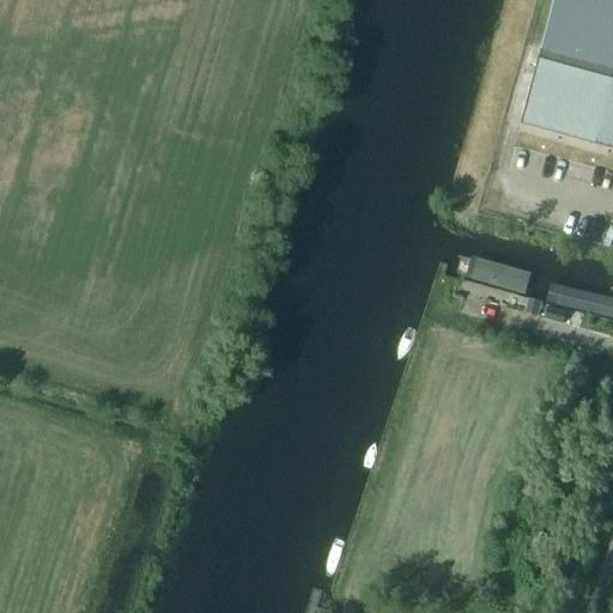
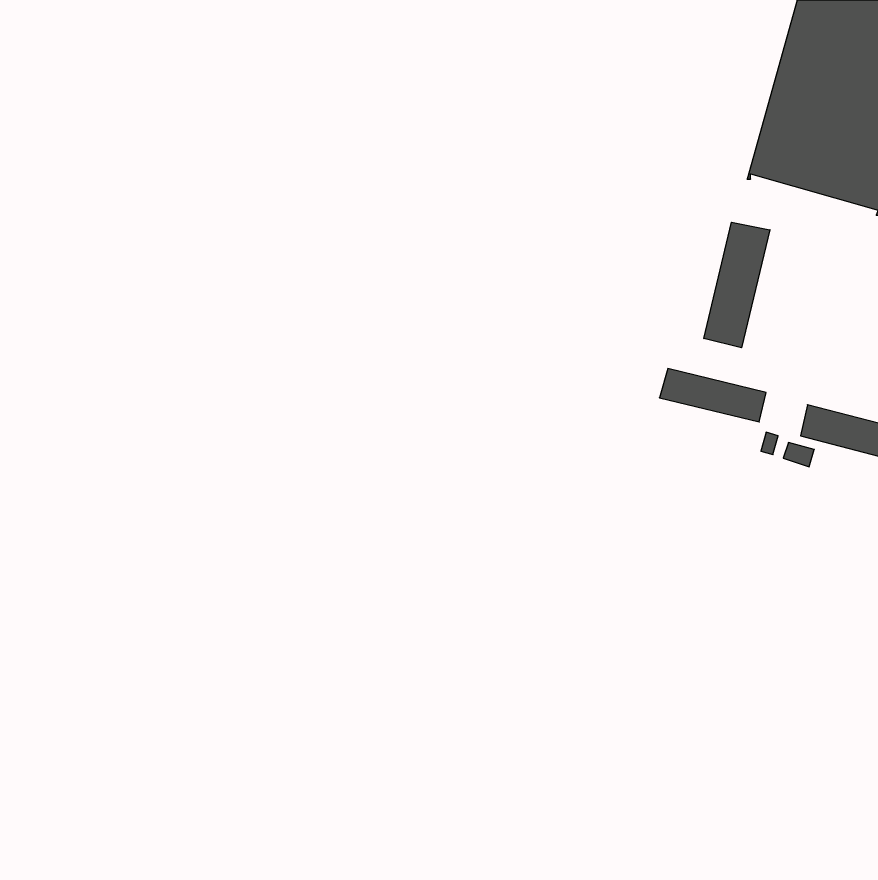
building: none -> [704,222,770,348]

